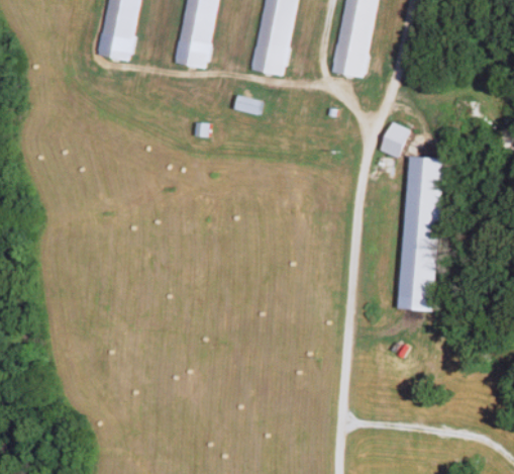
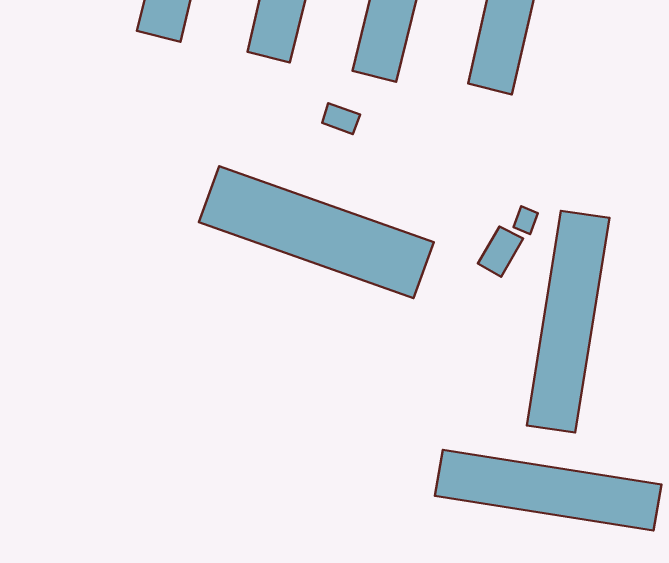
building: [377,122,407,158] -> [478,226,523,277]
building: none -> [199,166,434,298]
building: none -> [435,450,661,530]

